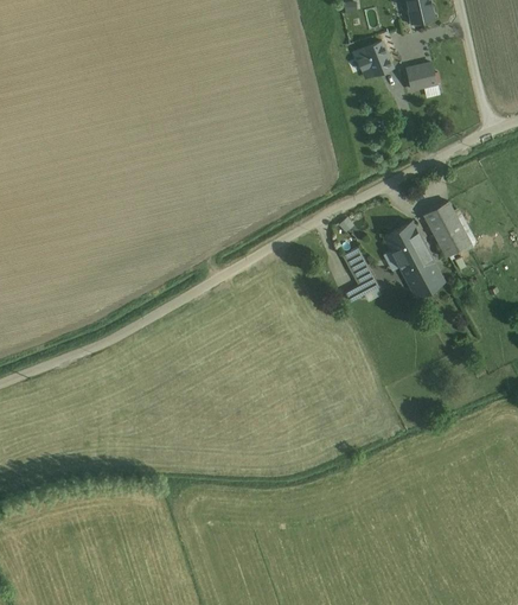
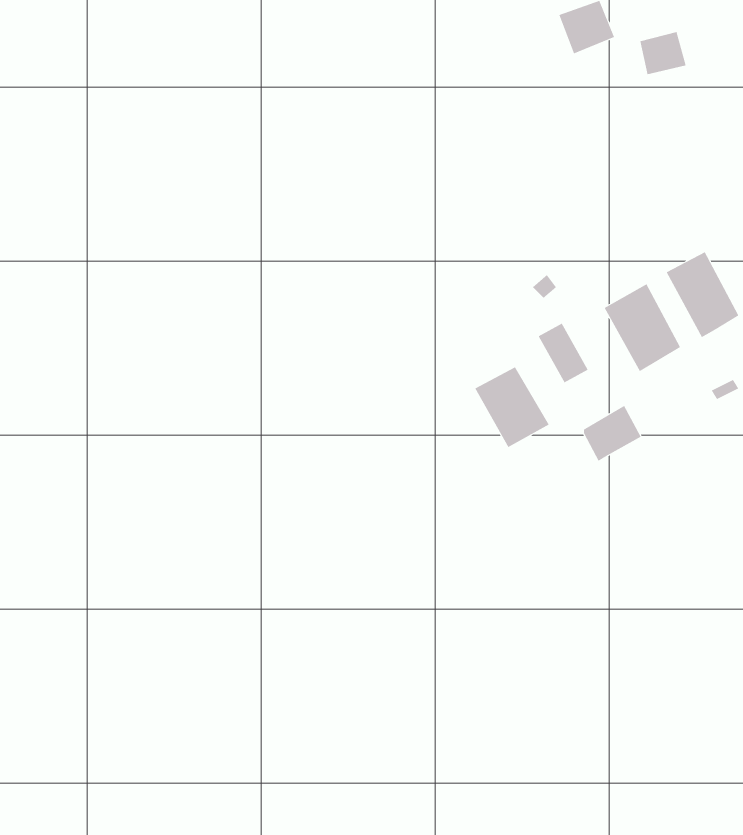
building: [407,262,443,298] -> [583,405,641,461]
building: none -> [475,367,550,448]

